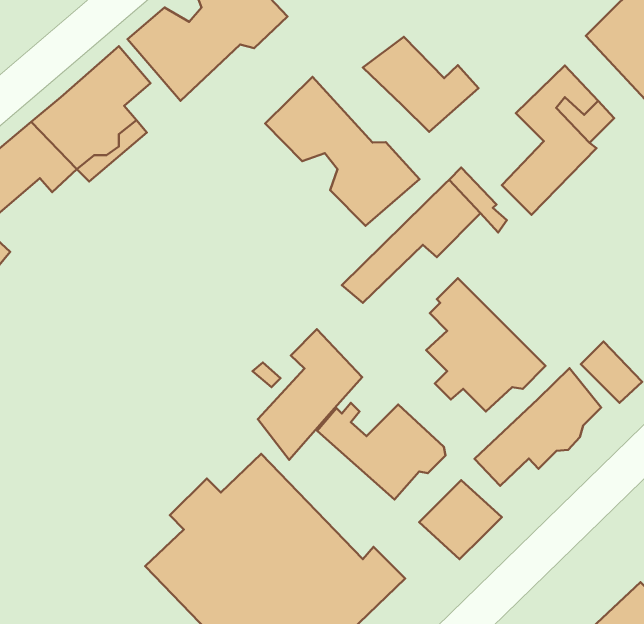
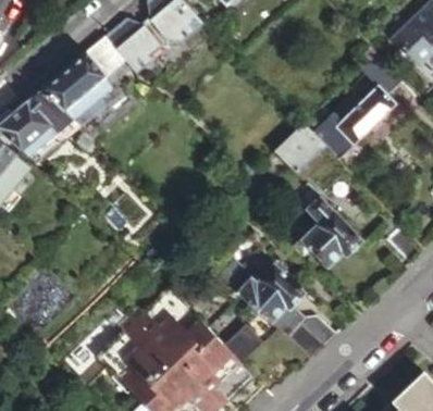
building: [363,37,478,132] -> none
building: [265,77,419,226] -> none
building: [258,329,362,460] -> none
building: [474,368,601,486] -> none

